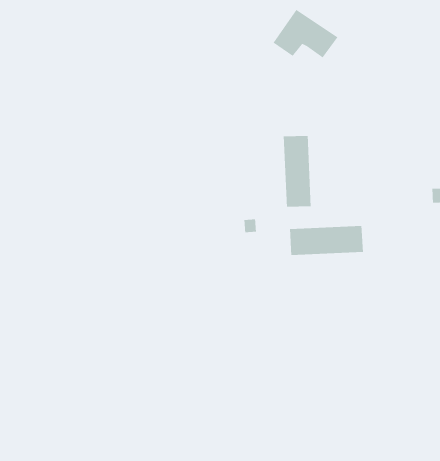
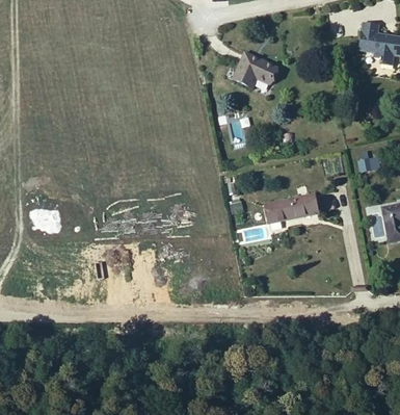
building: [283,135,311,208] -> none

